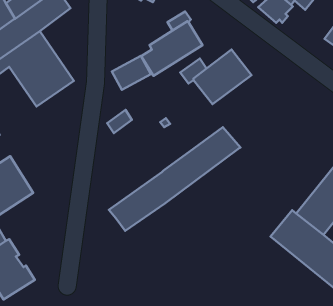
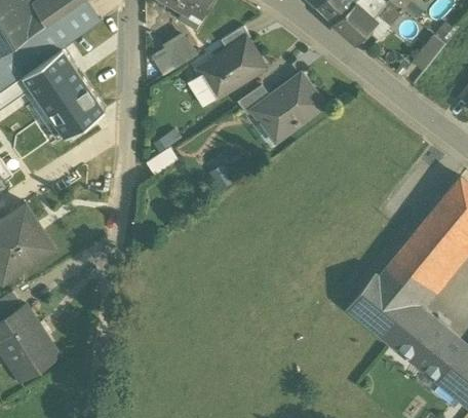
building: [112,56,151,90] -> [154,33,202,75]
building: [109,127,241,231] -> none

